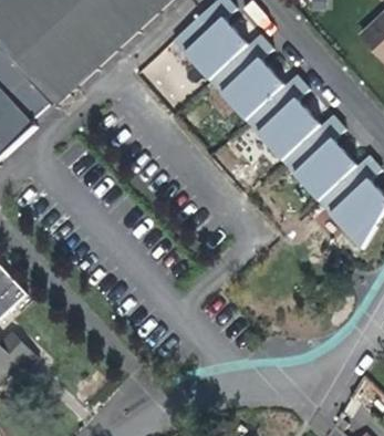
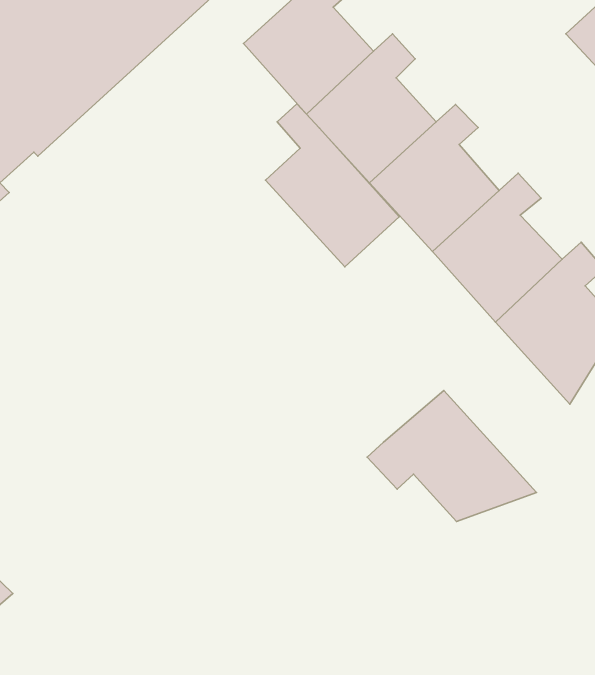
building: none -> [265,104,399,267]
building: none -> [367,390,537,521]

